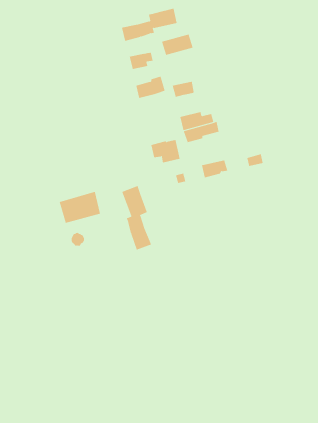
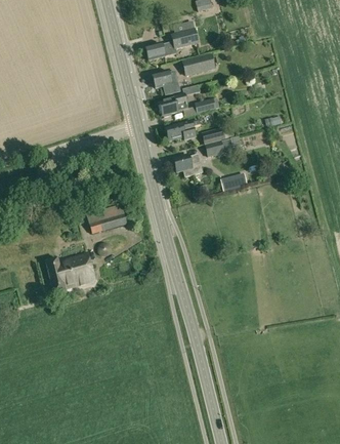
building: none -> [165,121,195,139]
building: [121,185,152,251] -> none
building: none -> [45,252,95,294]

